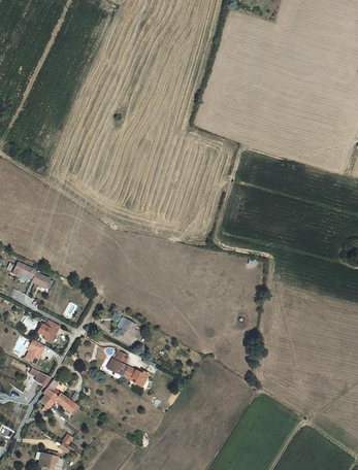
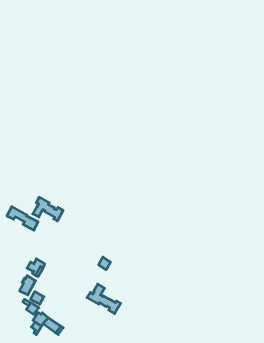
building: none -> [33,197,63,221]

